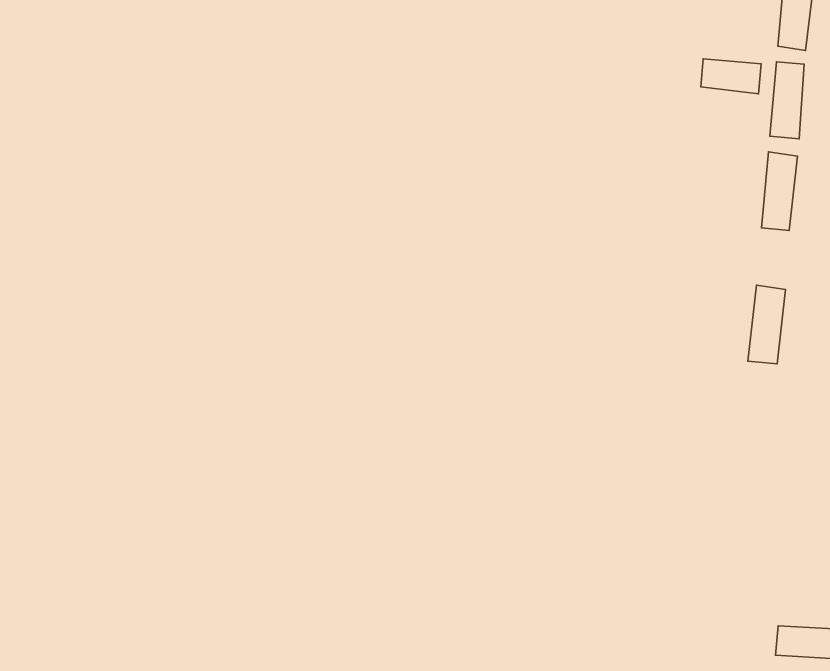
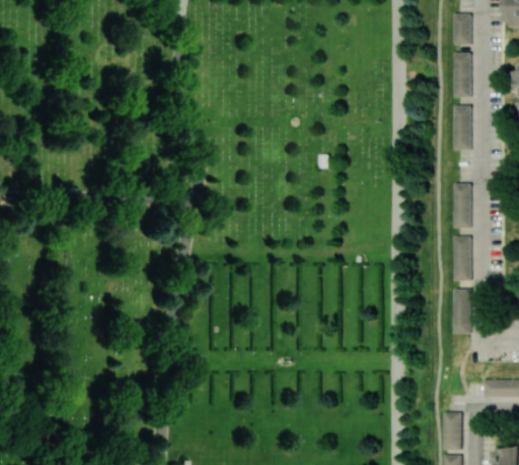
building: [701,59,761,94] -> none
building: none -> [454,236,471,281]
building: none -> [453,289,470,333]

